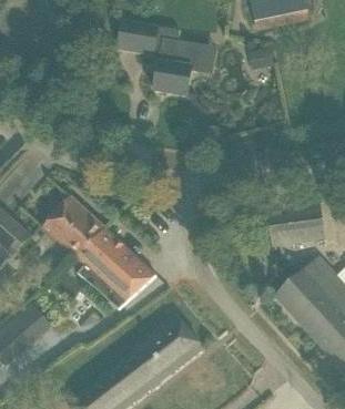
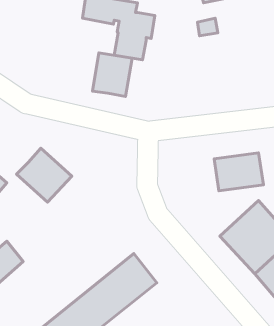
building: none -> [92,53,132,96]
building: [77,227,155,308] -> none

